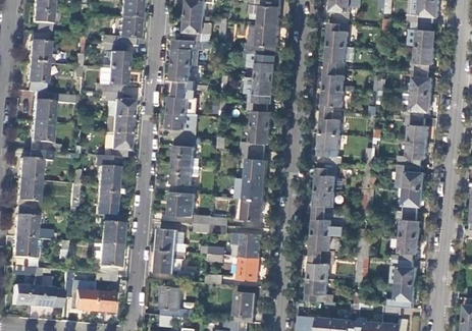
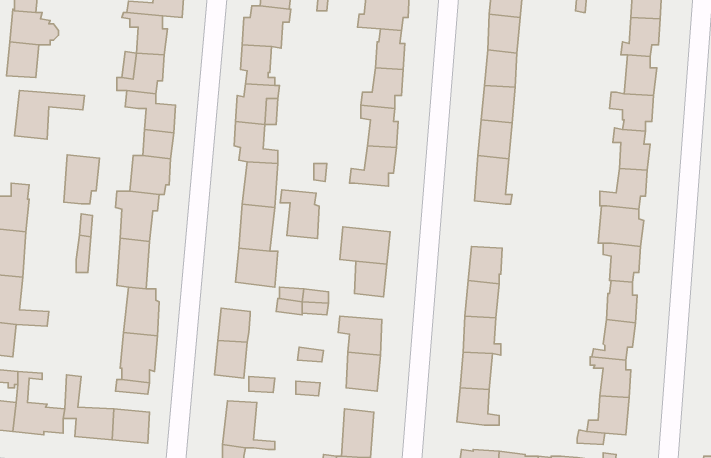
building: [29,120,51,151] -> [64,155,100,204]
building: [243,150,267,180] -> [280,190,319,239]
building: [317,161,338,190] -> none

